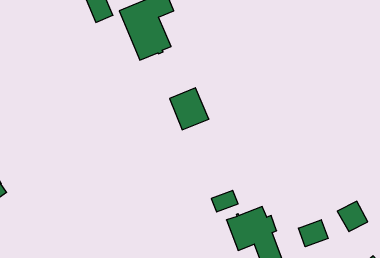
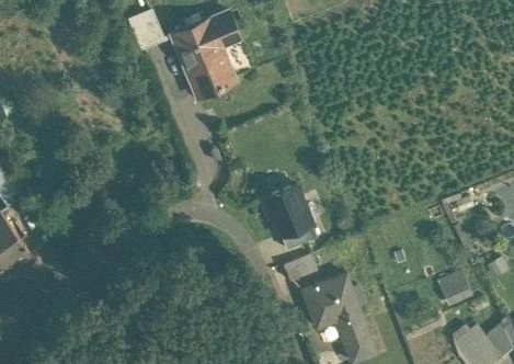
building: [170,88,209,130] -> [264,184,312,236]
building: [298,220,328,247] -> none

